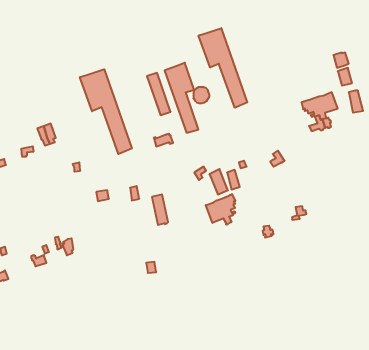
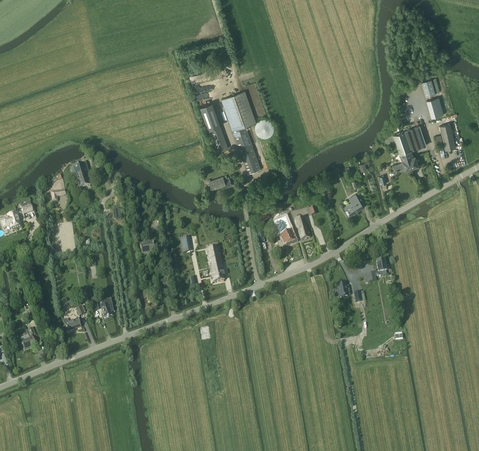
building: [199,28,247,108] -> none
building: [80,69,132,154] -> none
building: [206,194,235,225] -> none

